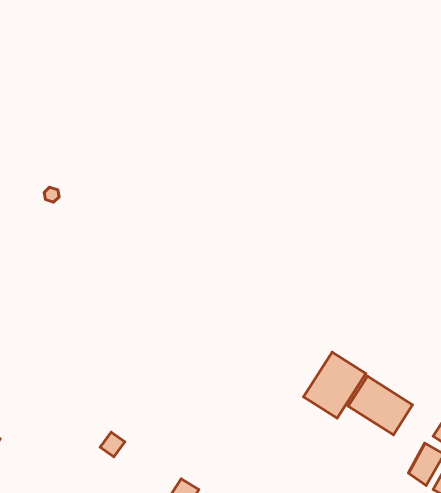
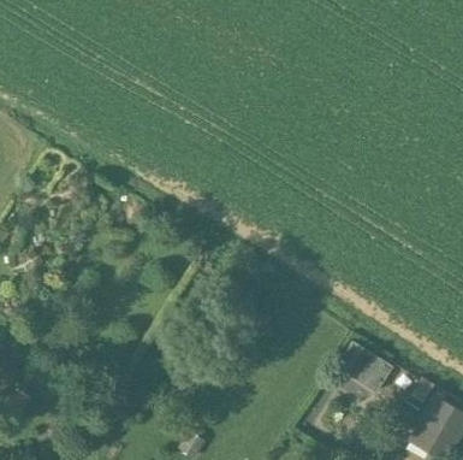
building: [304,352,366,418] -> none

